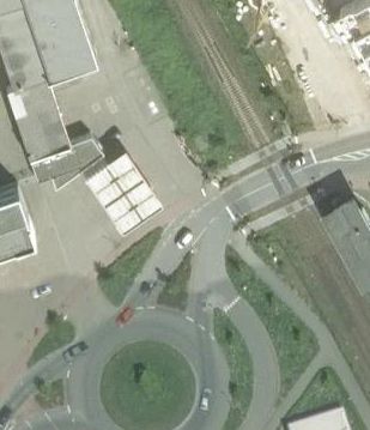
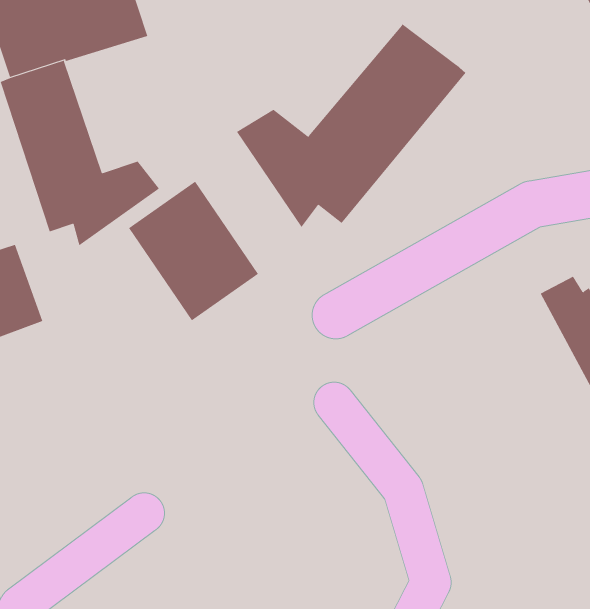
building: none -> [236,23,466,228]

